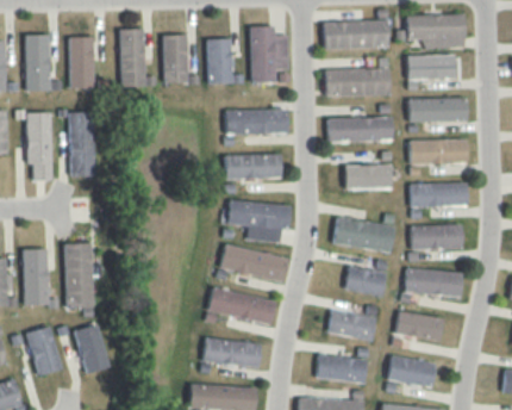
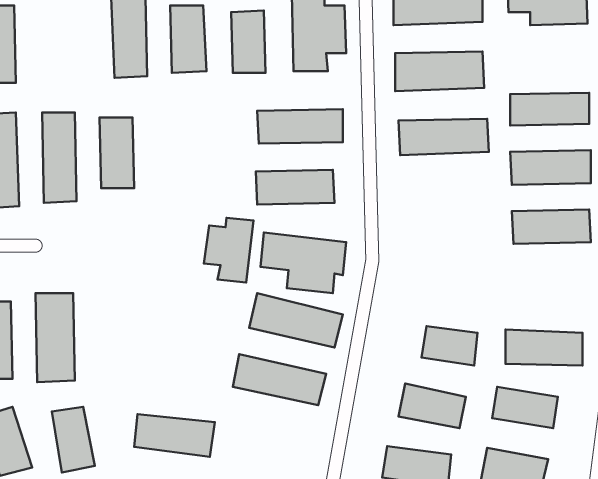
building: [69,37,94,88] -> [100,117,134,188]
building: [407,54,455,80] -> none
building: [344,164,391,190] -> none
building: none -> [204,218,254,282]
building: [332,216,394,254] -> none
building: [411,224,462,250] -> none
building: [202,337,261,368] -> [134,414,215,457]

